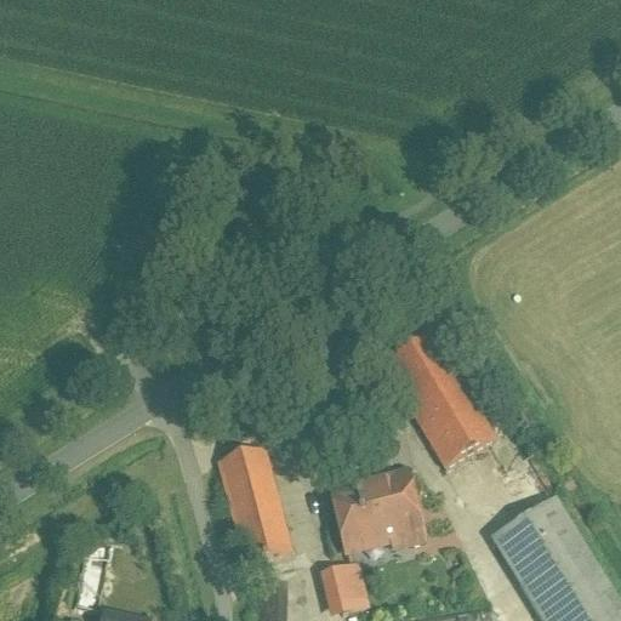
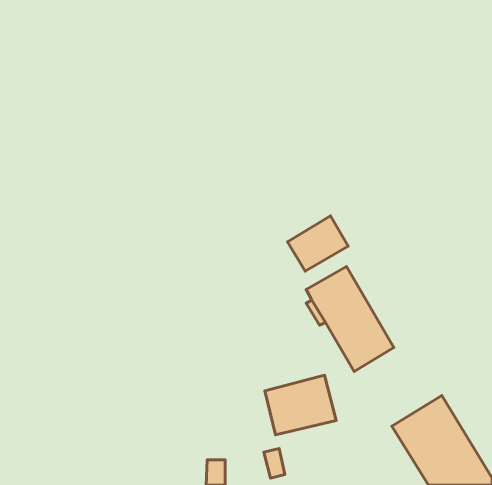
building: none -> [288,216,348,271]
building: [221,448,292,563] -> none

